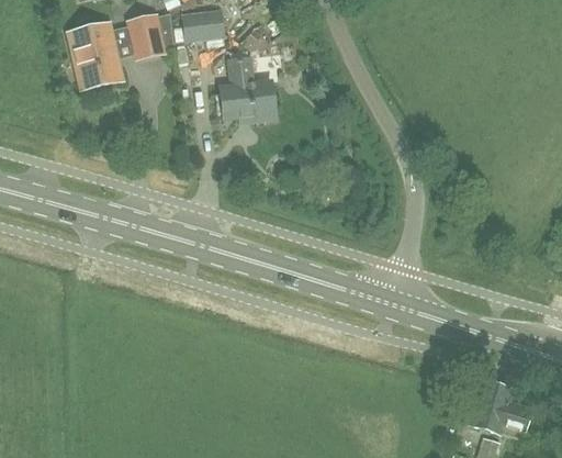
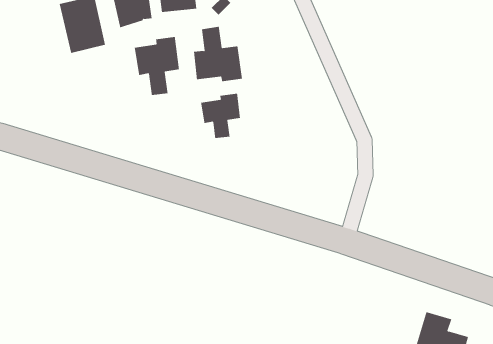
building: none -> [134,36,179,96]
building: none -> [200,93,241,139]

